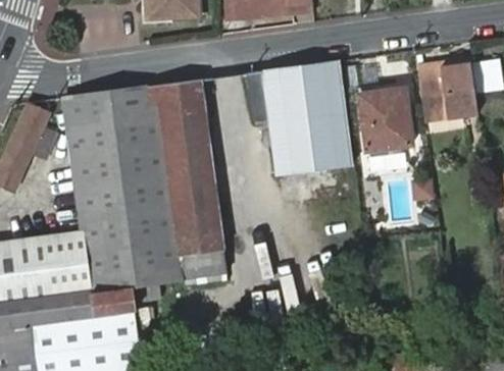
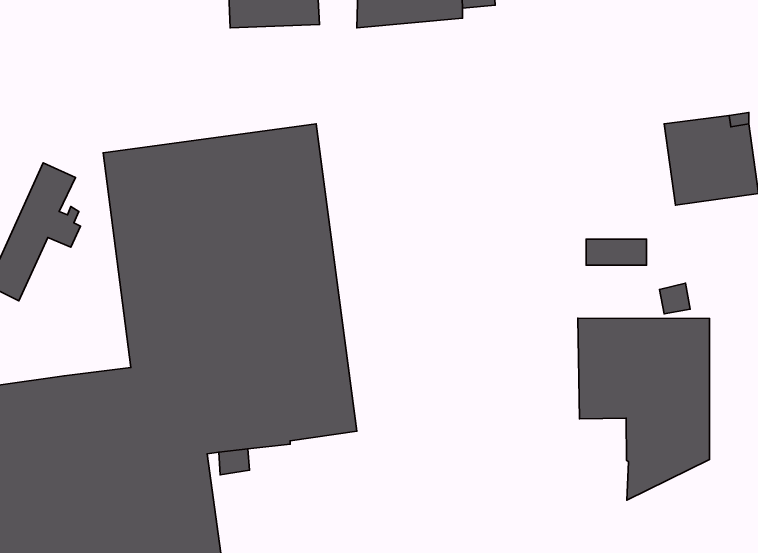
building: [246,60,352,173] -> none
building: [358,88,412,150] -> none
building: none -> [578,318,710,500]

